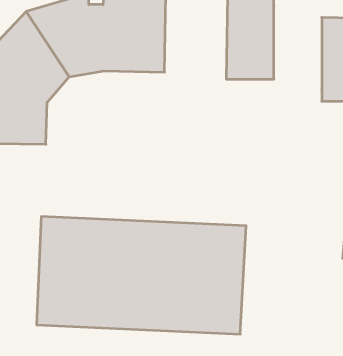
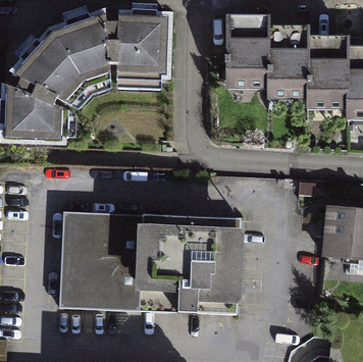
building: none -> [266,29,308,102]

